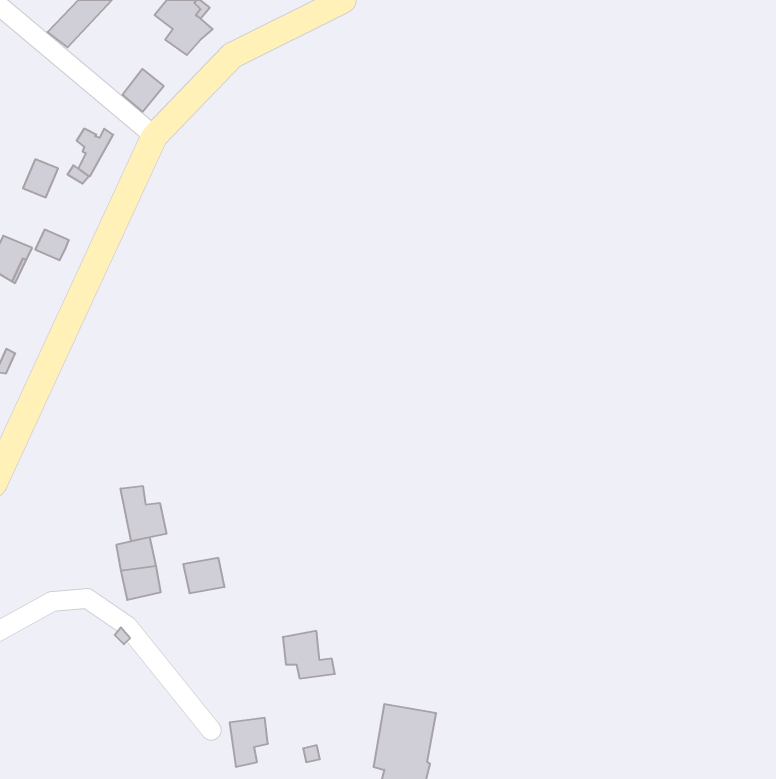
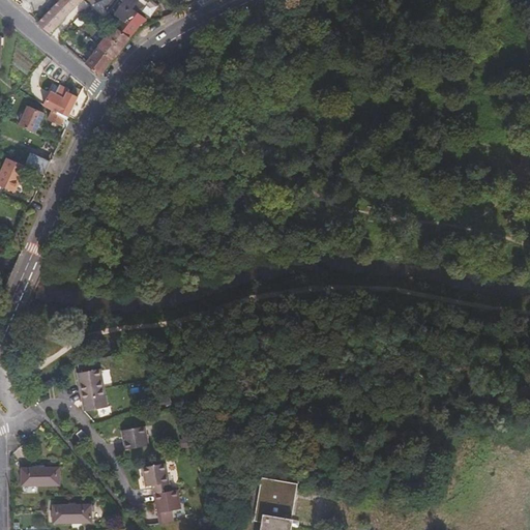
building: none -> [96,29,126,60]
building: [121,486,167,541] -> none
building: [183,558,225,593] -> [123,422,151,446]
building: [283,631,335,678] -> [144,459,179,491]
building: none -> [21,466,59,484]
building: none -> [53,504,92,522]

